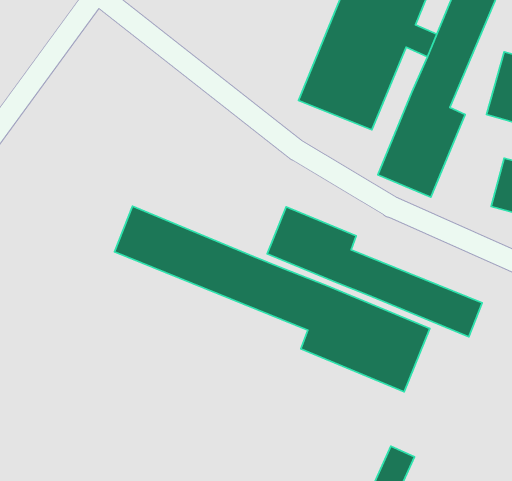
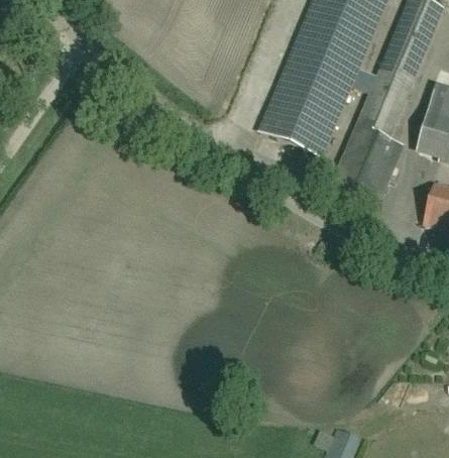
building: [115,206,430,392] -> none
building: [267,207,482,337] -> none

